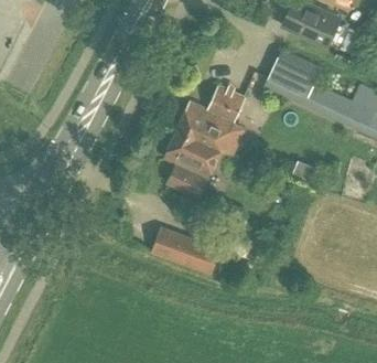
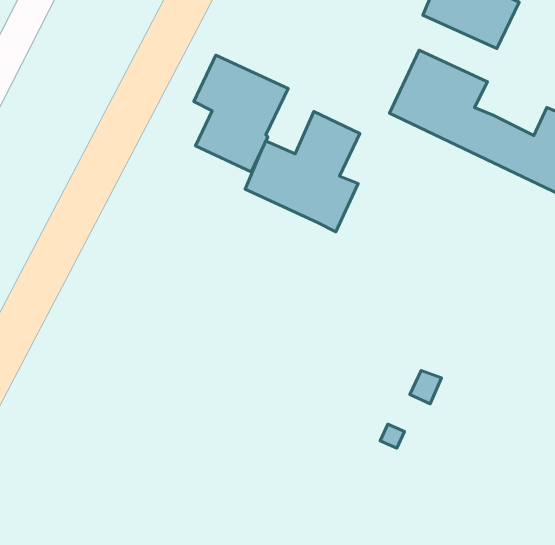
building: [164,131,220,201] -> [194,55,288,172]
building: [151,227,220,275] -> none

